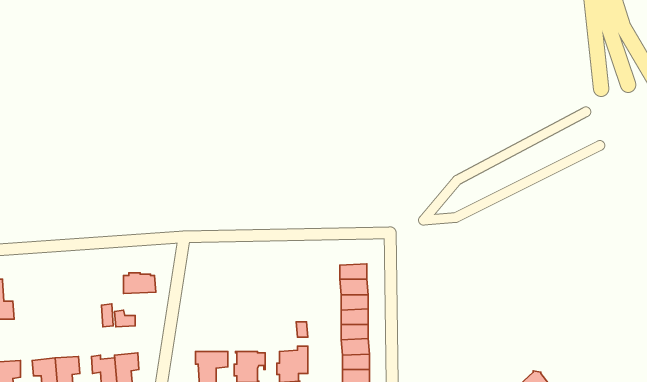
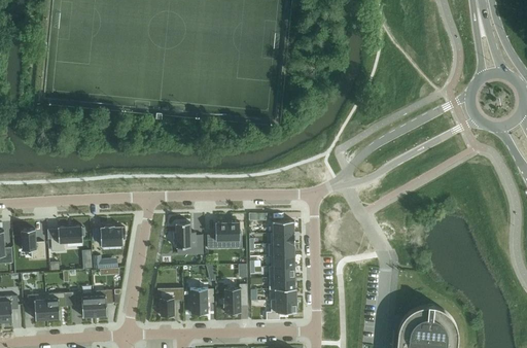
building: none -> [173,222,196,246]
building: none -> [207,222,242,249]
building: none -> [50,227,84,251]
building: none -> [21,229,45,258]

